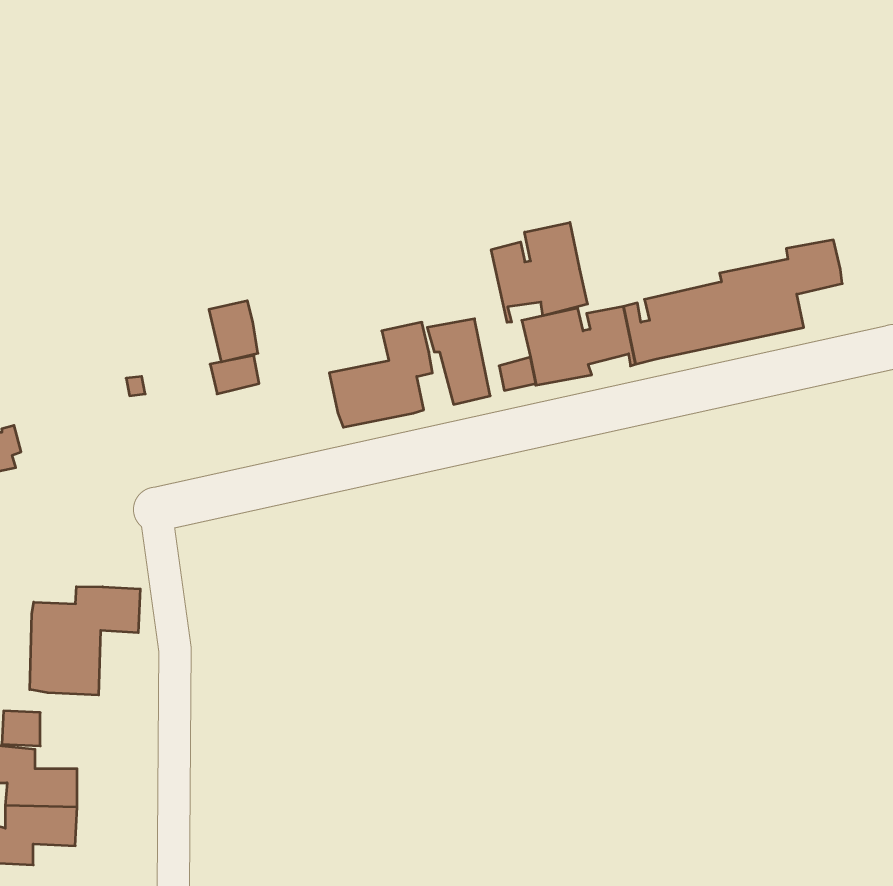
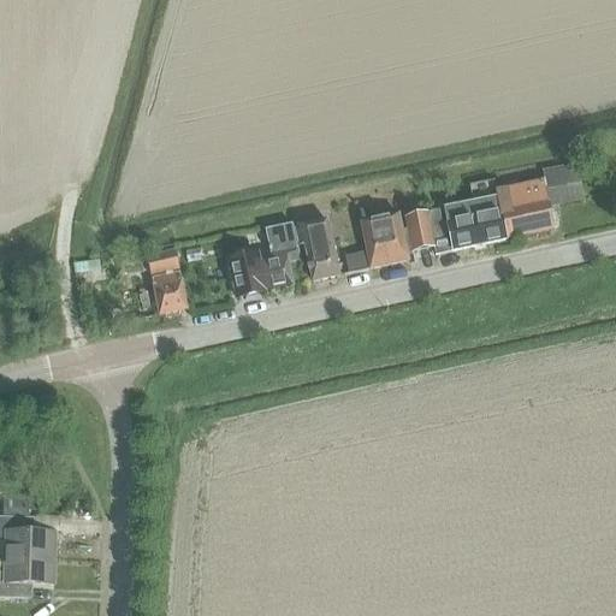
building: [491,222,588,322] -> none
building: [209,301,258,362] -> [150,270,184,312]
building: [30,587,140,695] -> none

